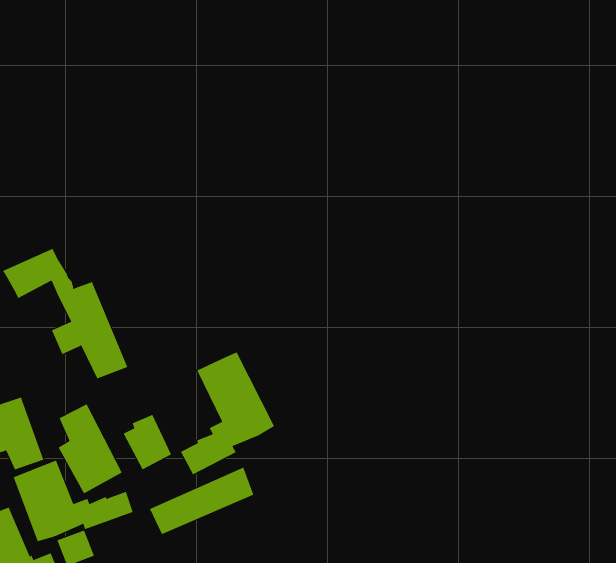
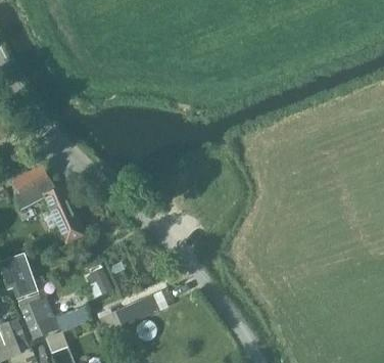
building: [180,351,275,475] -> none
building: [58,403,123,494] -> none

